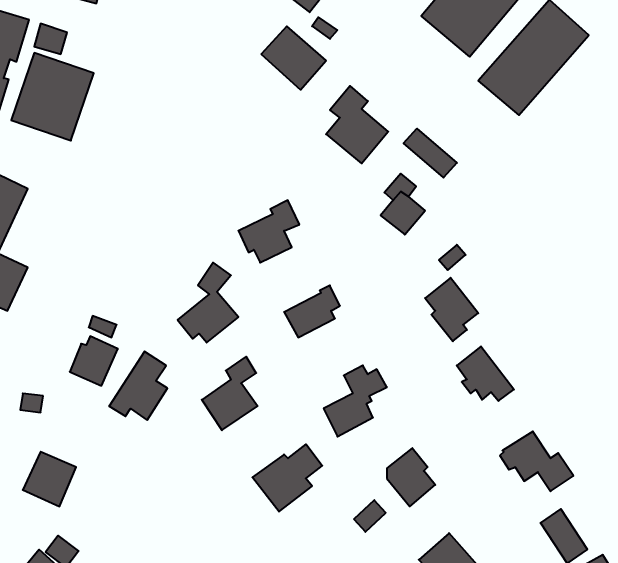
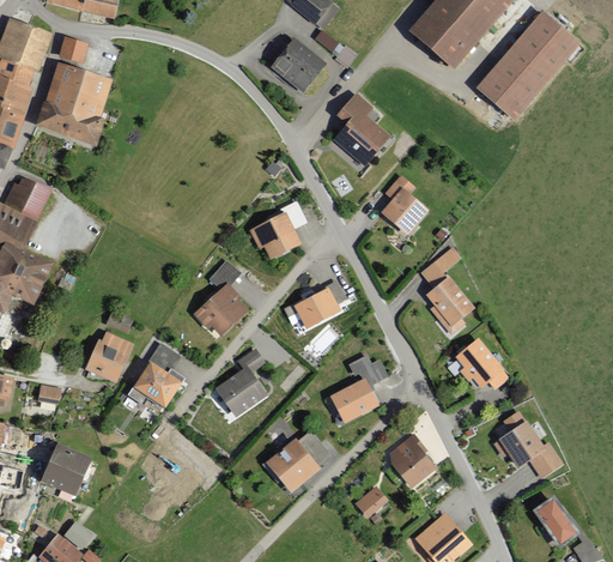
building: [404,129,457,178] -> none

